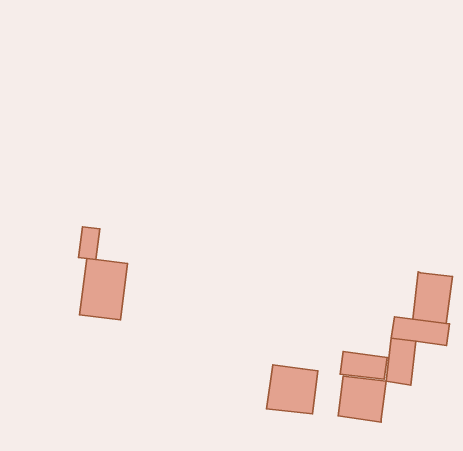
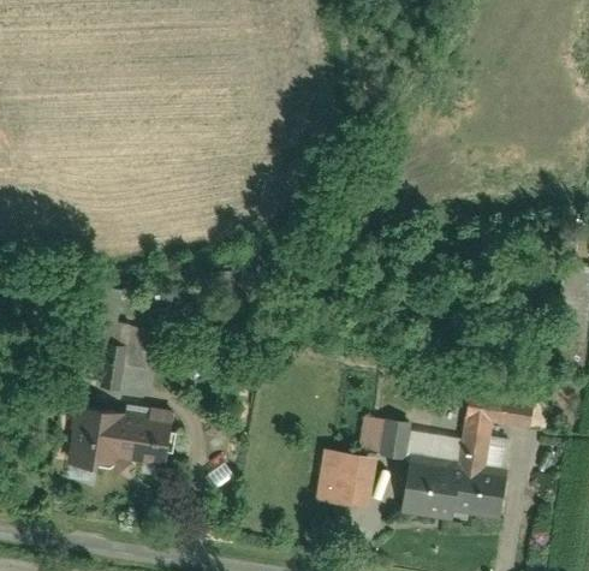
building: [413,272,453,323] -> none
building: none -> [66,409,172,469]
building: none -> [359,420,409,460]
building: none -> [452,469,504,519]

